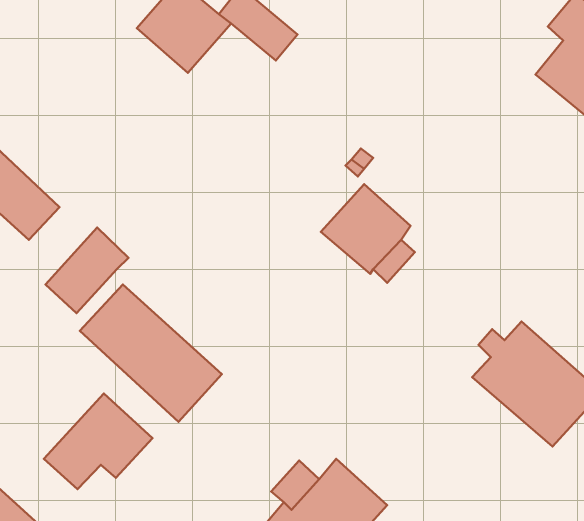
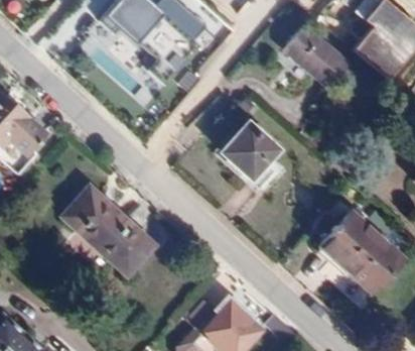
building: none -> [283,24,349,87]
building: [46,227,129,313] -> none
building: [44,393,153,489] -> none

